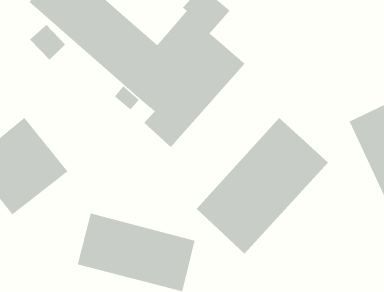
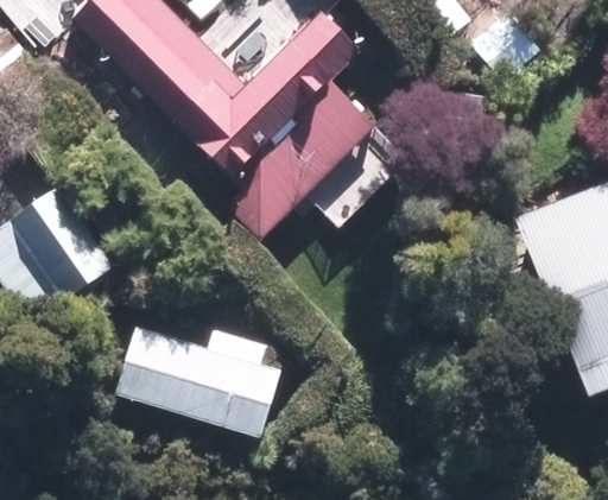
building: [196,117,329,255] -> none

